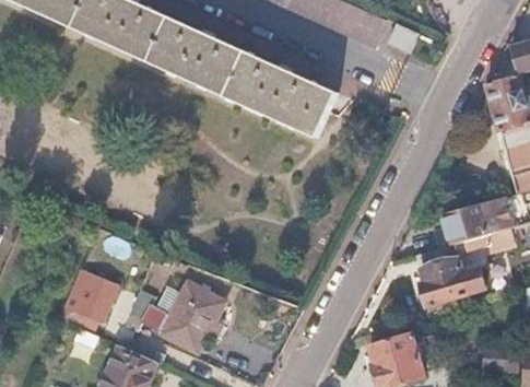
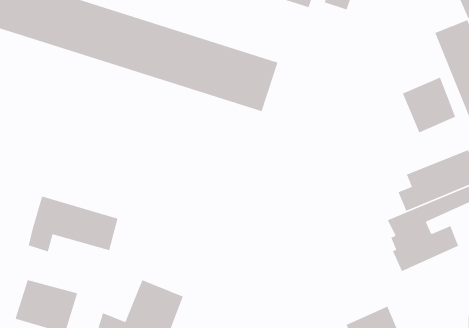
building: none -> [402,77,456,134]
building: none -> [28,195,119,252]

